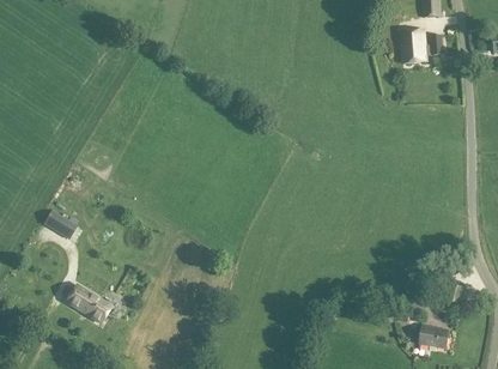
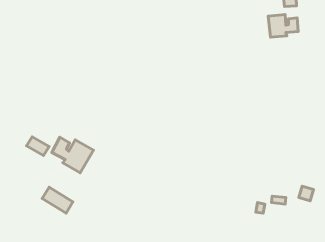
building: none -> [52,137,94,173]
building: [419,323,449,347] -> none

